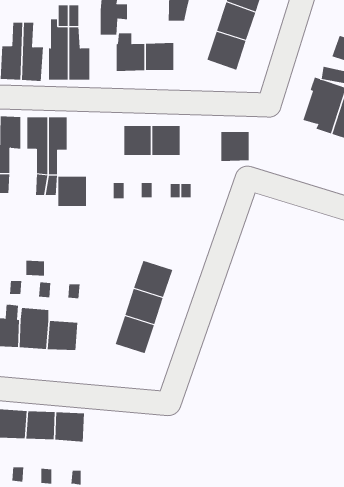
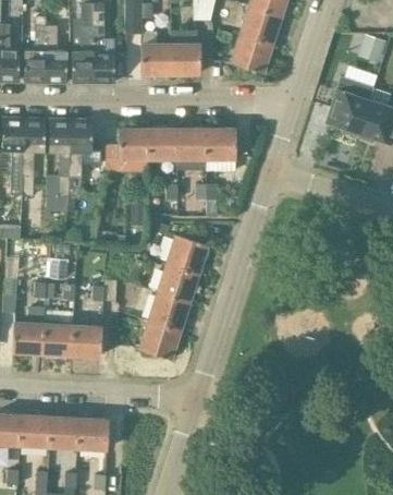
building: [220,131,249,162] -> [206,128,235,158]
building: [58,176,87,206] -> [119,128,148,158]
building: none -> [168,234,208,274]

